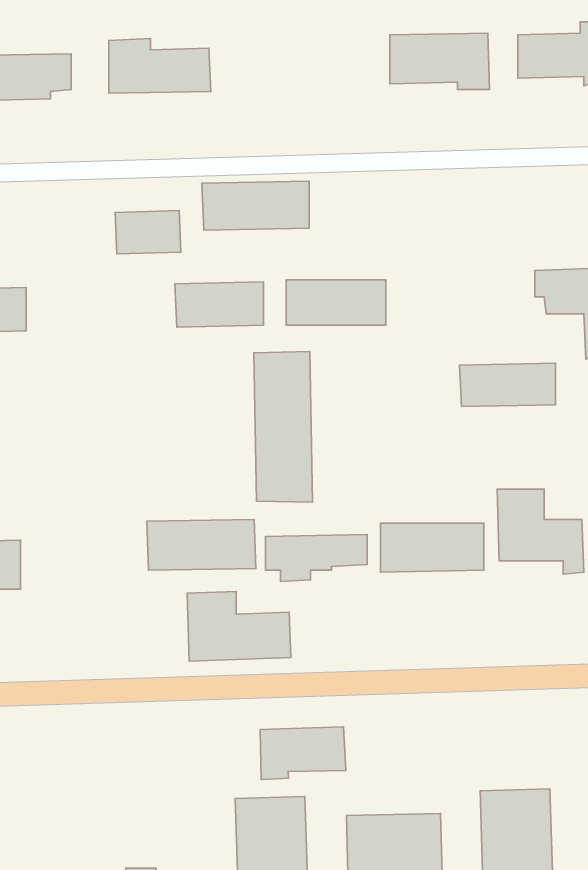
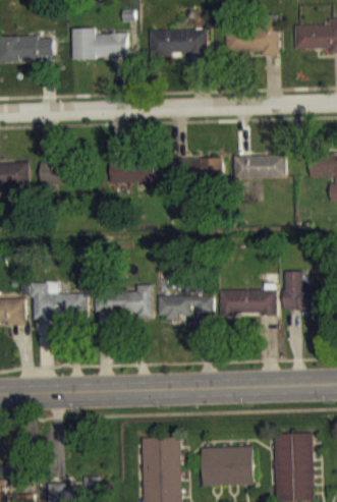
building: [202,181,309,230] -> [150,30,208,56]
building: [115,211,181,254] -> [40,161,75,184]
building: [254,352,313,502] -> none
building: [460,363,556,407] -> [234,155,286,178]
building: [187,591,291,661] -> [31,281,87,319]
building: [260,727,346,780] -> none

